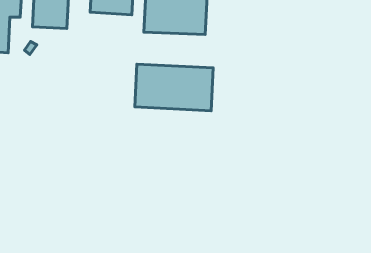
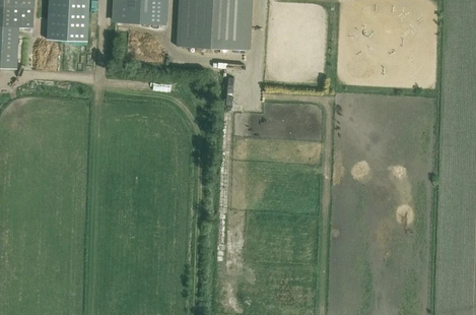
building: [135,64,213,111] -> none

